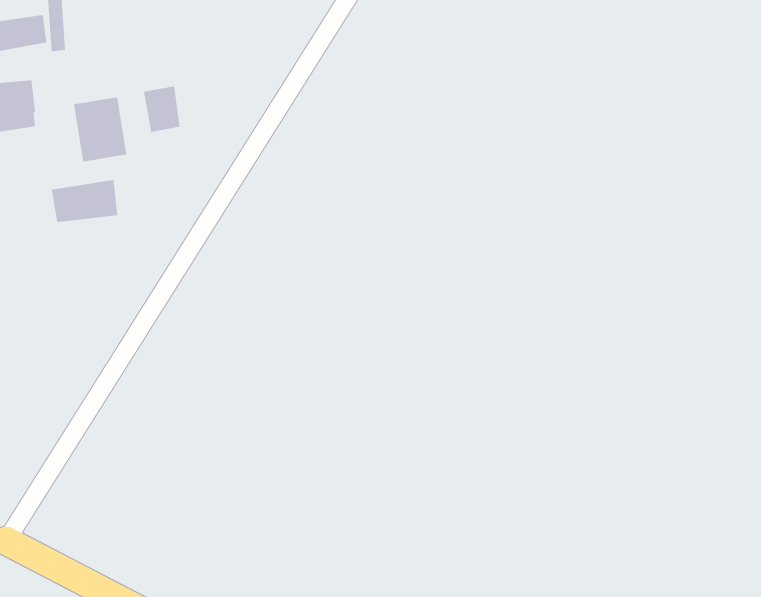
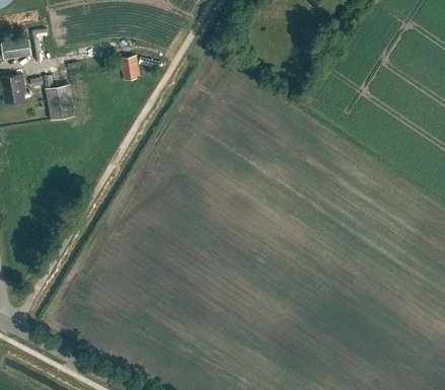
building: [143,86,180,132] -> [120,55,140,80]
building: [51,179,118,223] -> none

